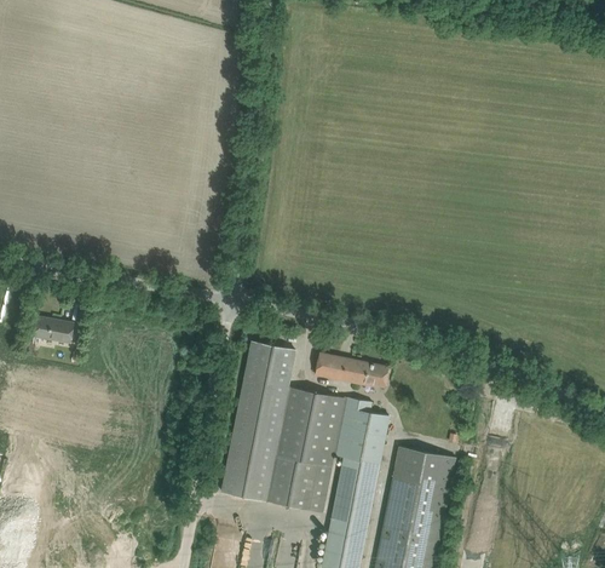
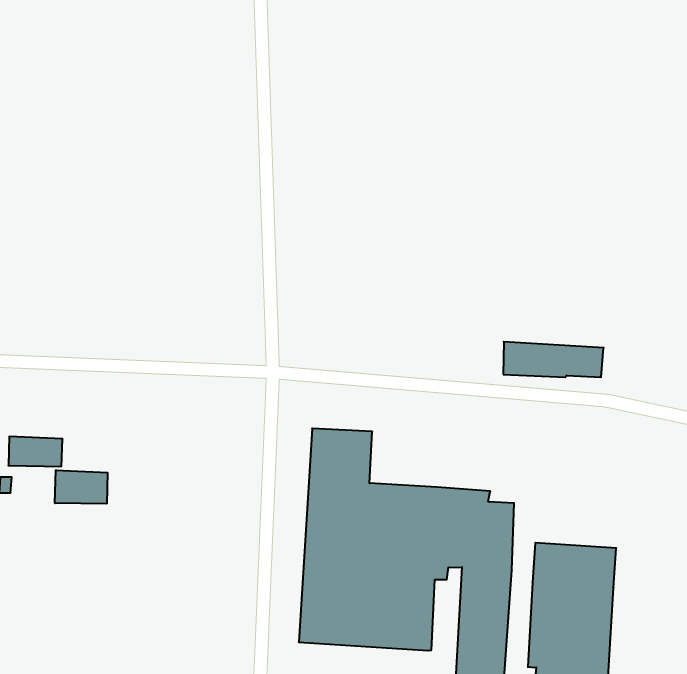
building: none -> [55,470,107,504]
building: [315,352,388,388] -> [503,342,604,377]

